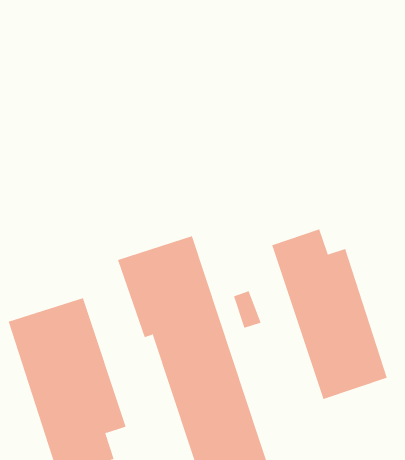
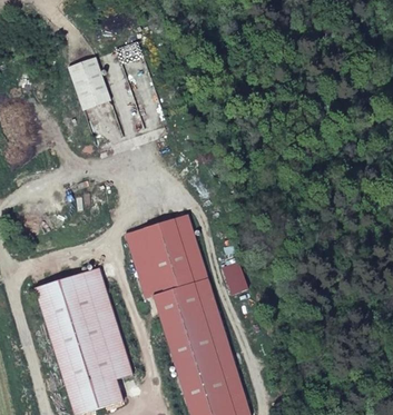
building: none -> [66,56,108,108]
building: [272,228,387,400] -> none

